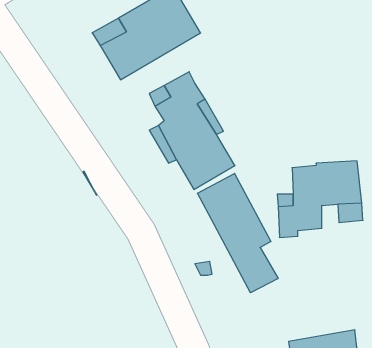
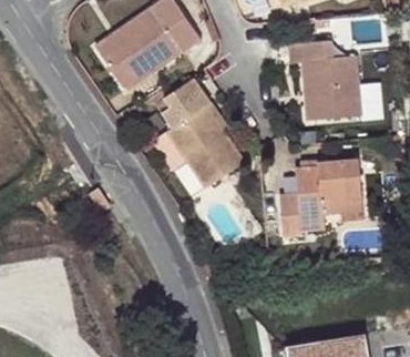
building: none -> [293,40,362,121]
building: [197,173,278,293] -> none

